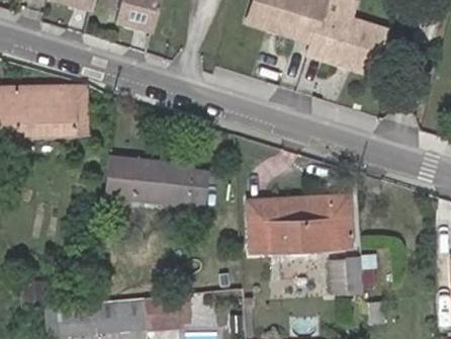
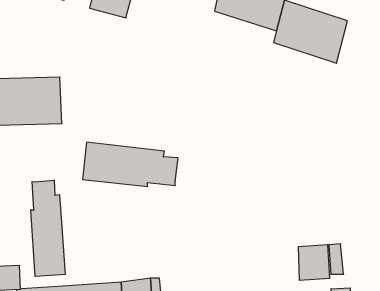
building: none -> [31,180,65,276]
building: [249,193,352,249] -> none

